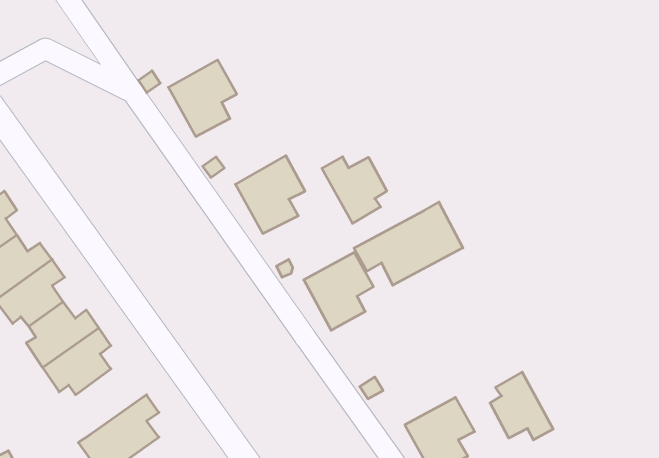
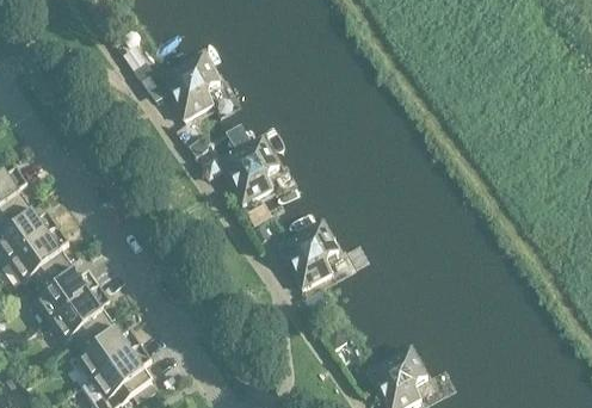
building: [322,157,387,223] -> none
building: [354,202,463,285] -> none
building: none -> [76,323,141,381]
building: [490,372,553,440] -> none

